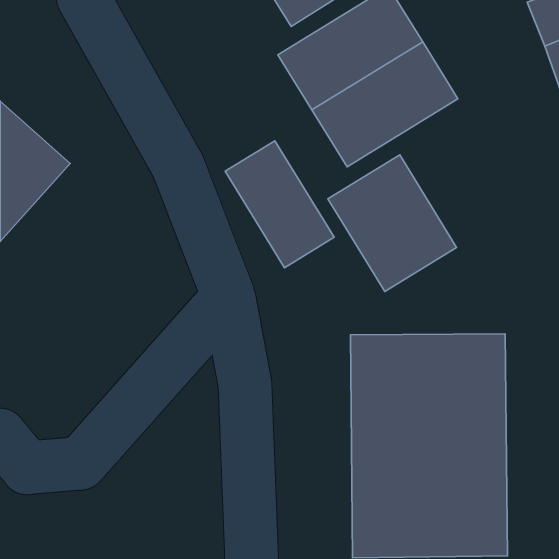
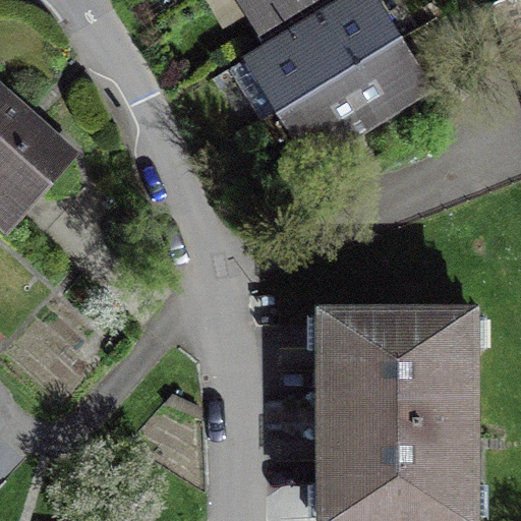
building: [225,141,334,268] -> none
building: [328,155,457,292] -> none

